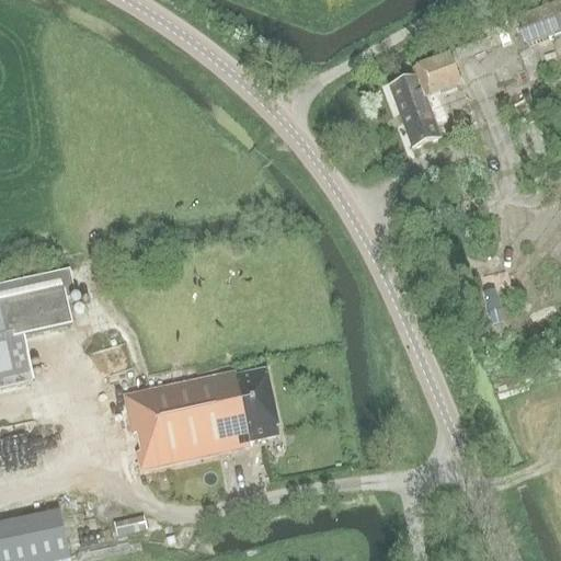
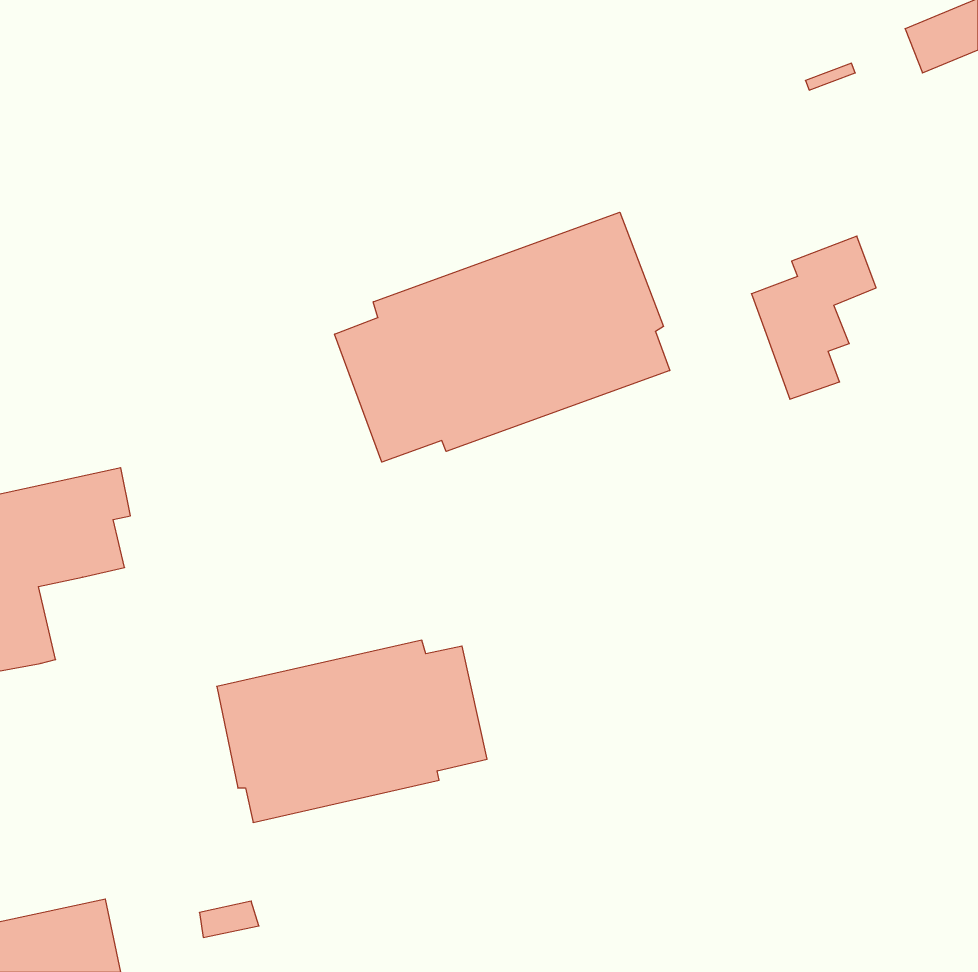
building: [389,54,460,147] -> [751,236,876,399]
building: none -> [335,212,670,462]

